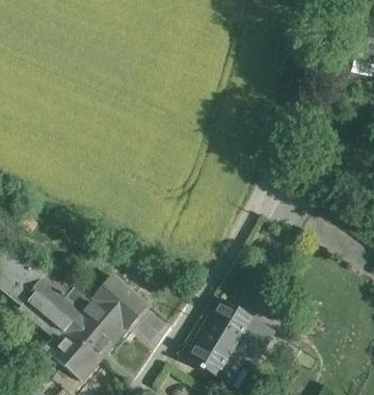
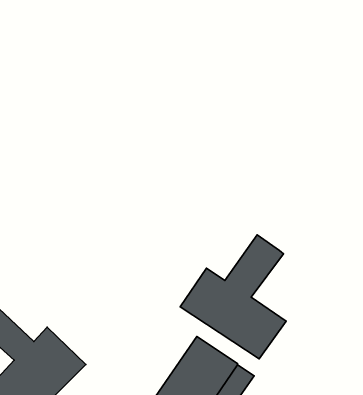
building: none -> [180,235,286,359]
building: [92,273,149,327] -> none

